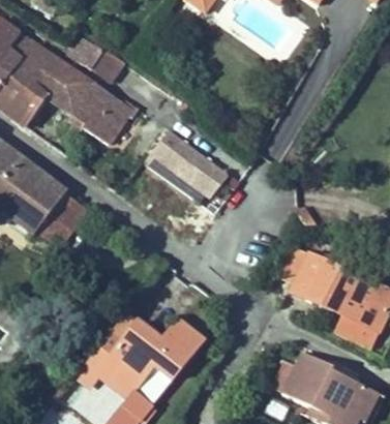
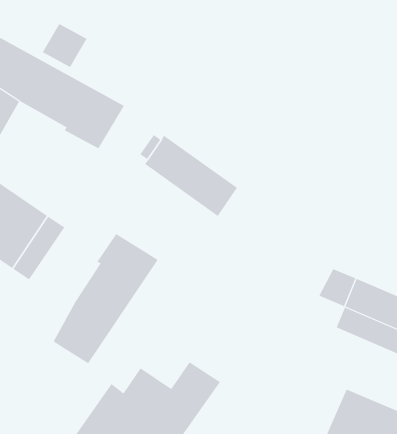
building: none -> [53,233,159,364]

